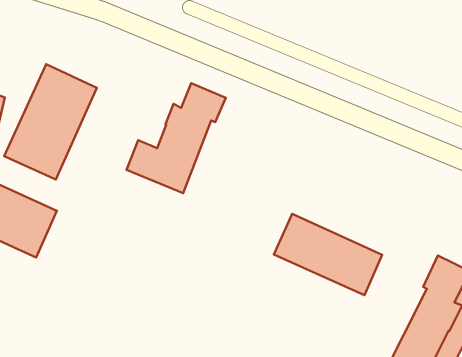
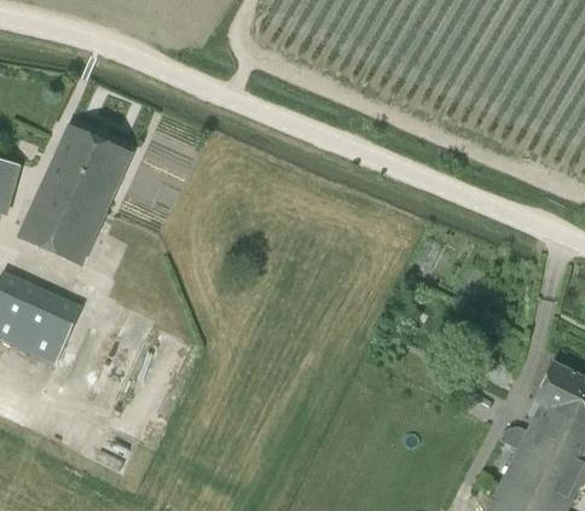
building: [127,83,226,193] -> none
building: [274,214,382,295] -> none

